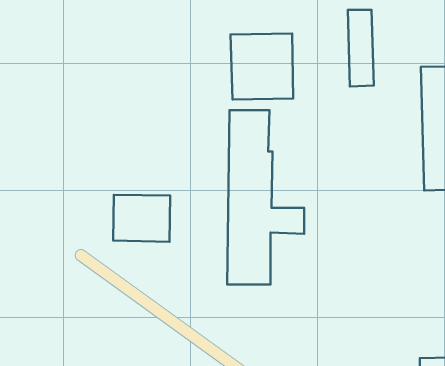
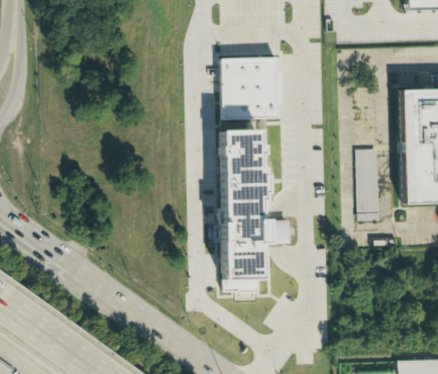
building: [348,10,374,87] -> [357,150,381,221]
building: [113,195,170,242] -> none

